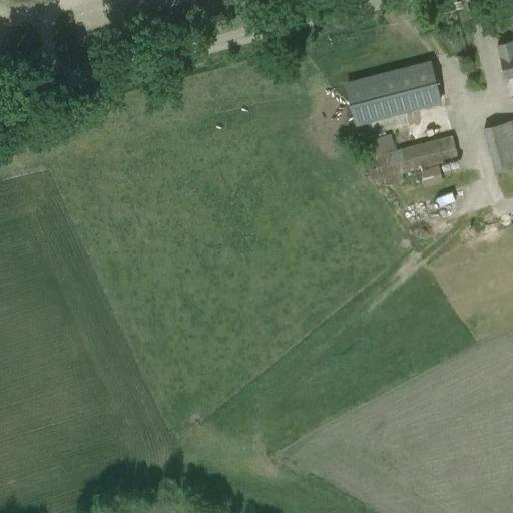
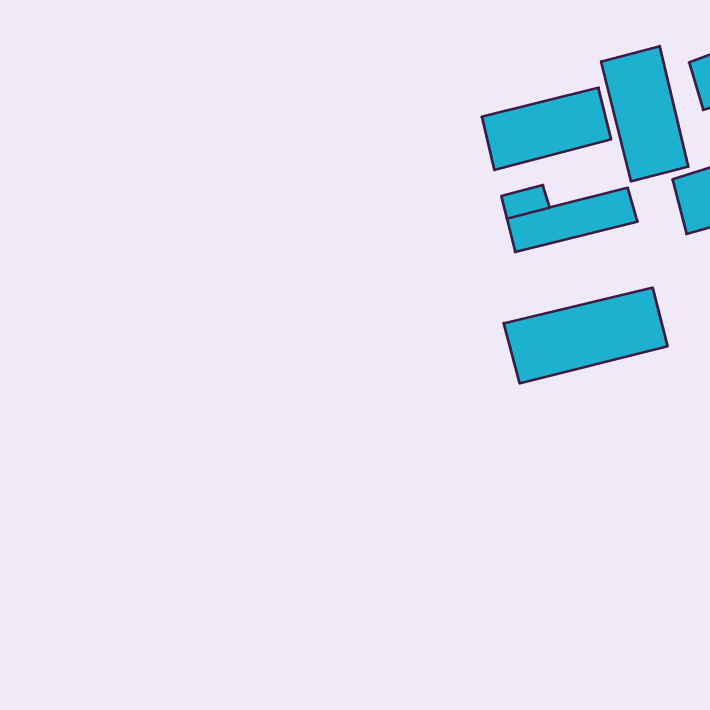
building: none -> [601,46,688,181]
building: none -> [504,288,667,383]

